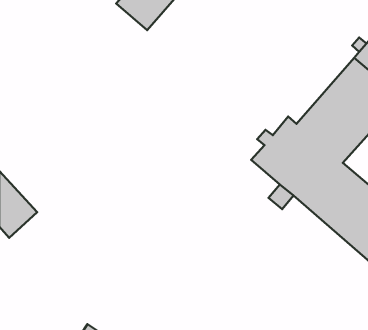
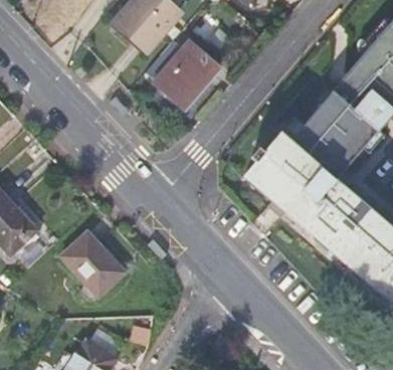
building: none -> [154,40,218,105]
building: none -> [60,230,124,294]

